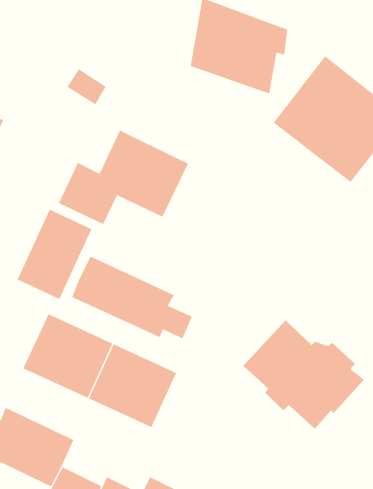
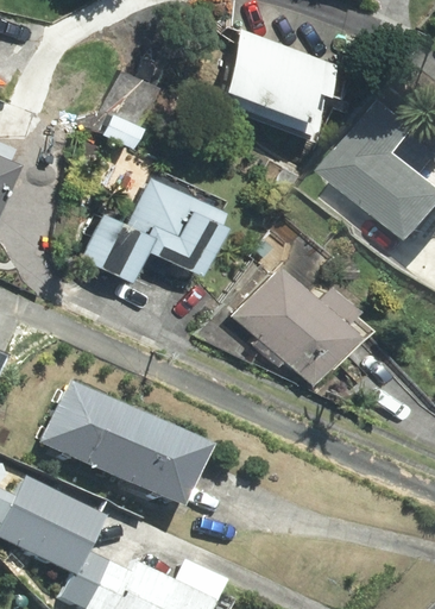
building: [17,209,92,300] -> none
building: [71,256,193,339] -> none
building: [242,319,364,430] -> [233,264,367,385]

